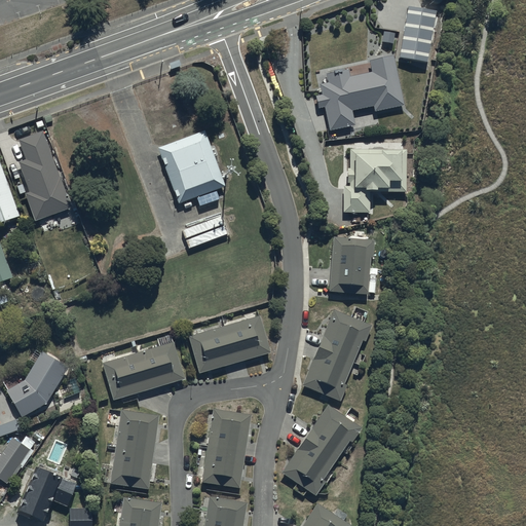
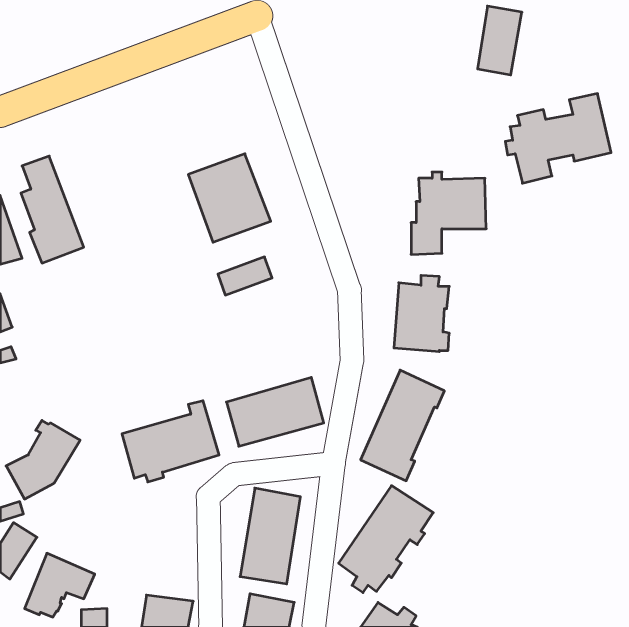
building: [316,54,405,129] -> [505,94,611,183]
building: [109,410,158,489] -> none

